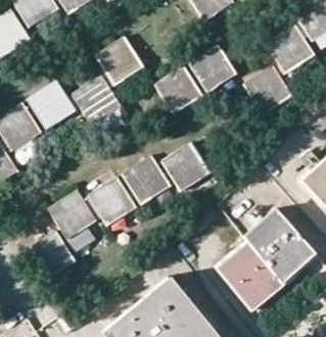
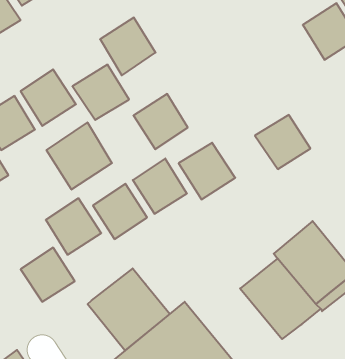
building: [189,44,237,91] -> none
building: [156,66,202,113] -> [133,94,188,149]
building: [245,66,292,112] -> [255,115,310,169]
building: none -> [47,122,112,190]
building: none -> [88,268,170,351]

